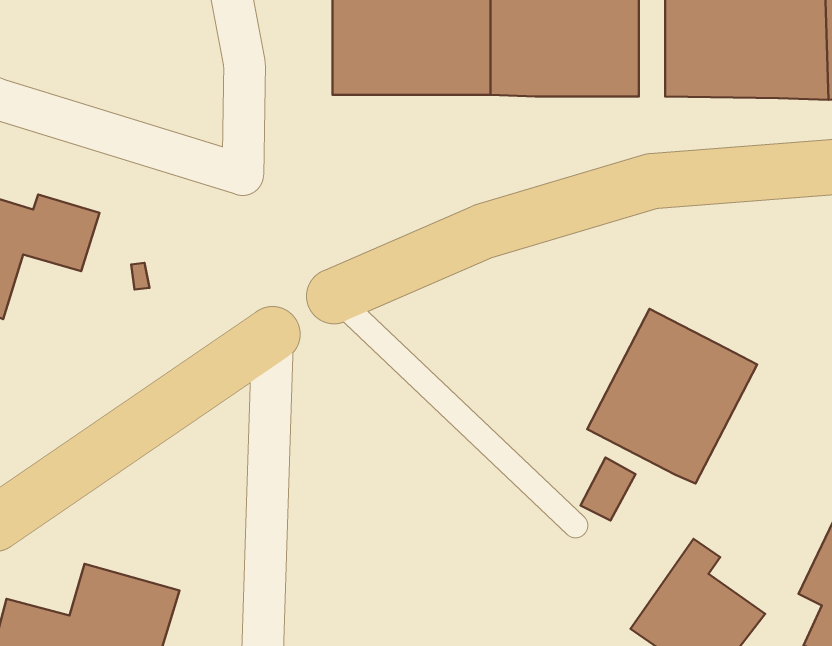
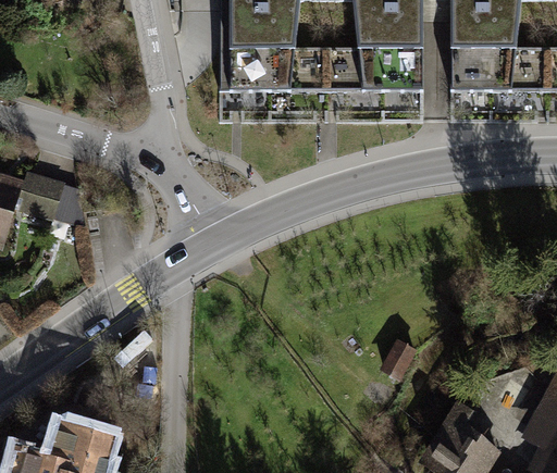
building: [587,309,757,484] -> none

